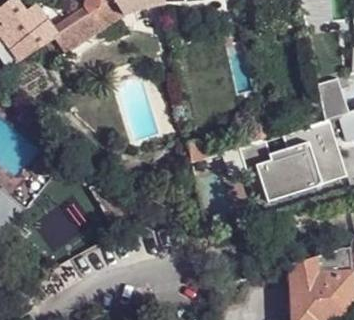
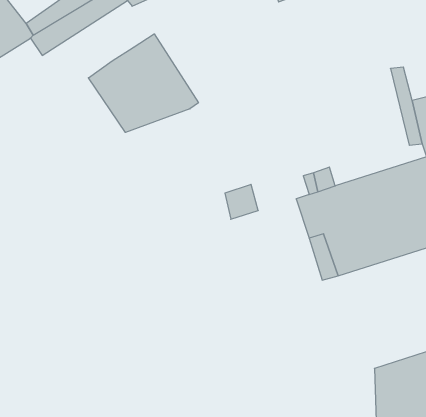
building: none -> [88,34,198,132]

